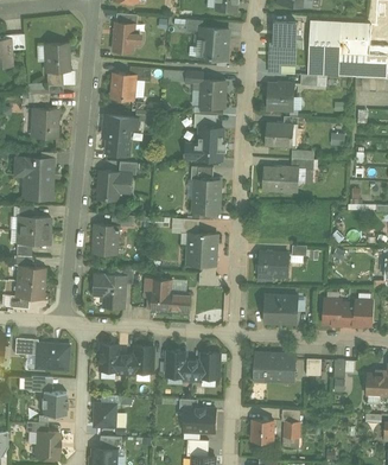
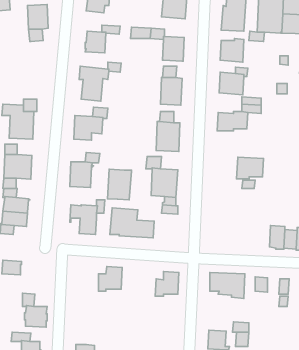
building: [31,108,57,138] -> none
building: none -> [108,169,132,200]
building: [257,251,288,276] -> [237,157,263,179]
building: [263,294,297,323] -> none
building: [34,343,69,370] -> none
building: [100,344,126,374] -> none
building: [165,350,192,380] -> none
building: [94,403,115,427] -> none
building: [183,407,215,432] -> none

